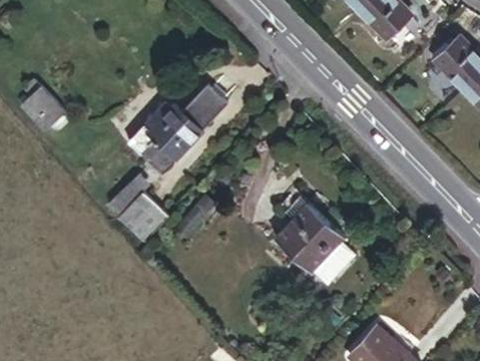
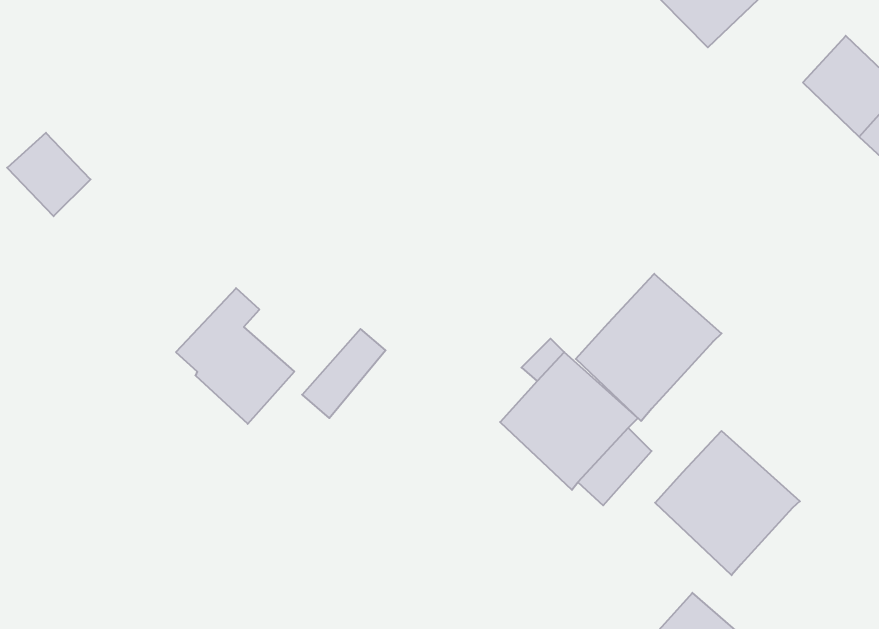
building: [130,79,231,171] -> none
building: none -> [576,274,722,421]
building: none -> [655,431,800,575]

